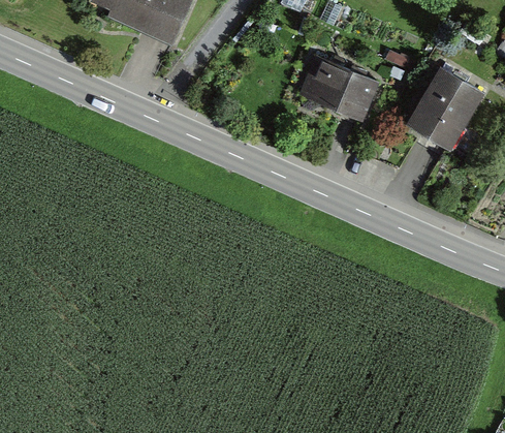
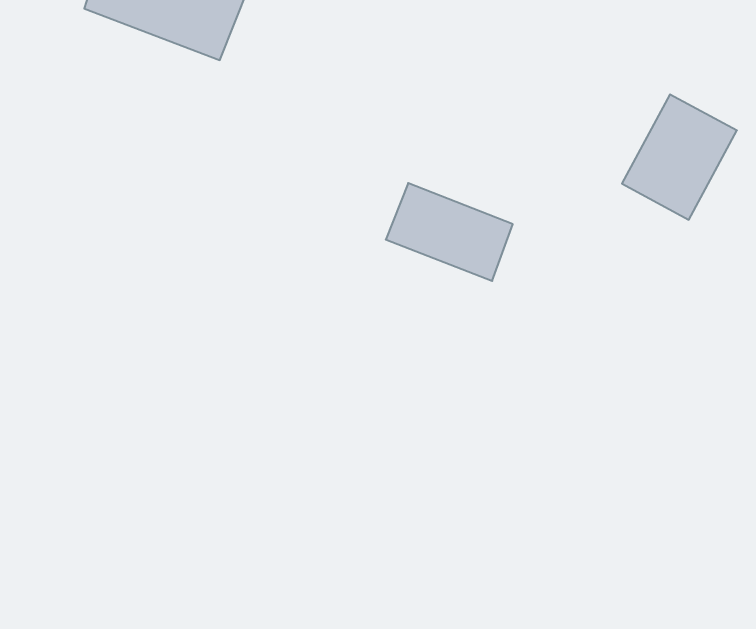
building: [303,56,379,115] -> [386,183,513,281]

